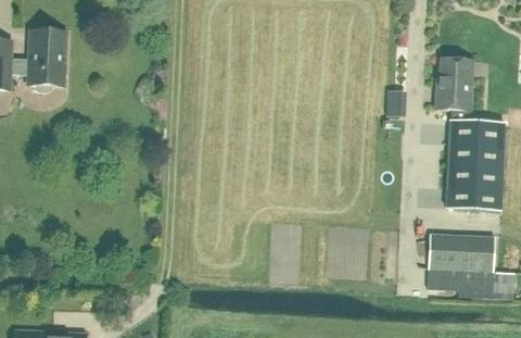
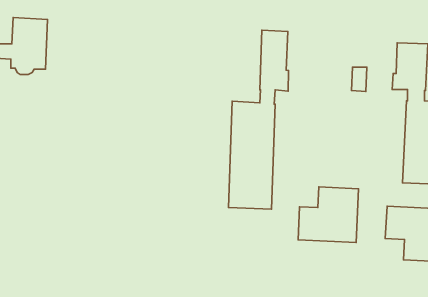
building: none -> [229,30,289,209]
building: none -> [298,187,358,243]

